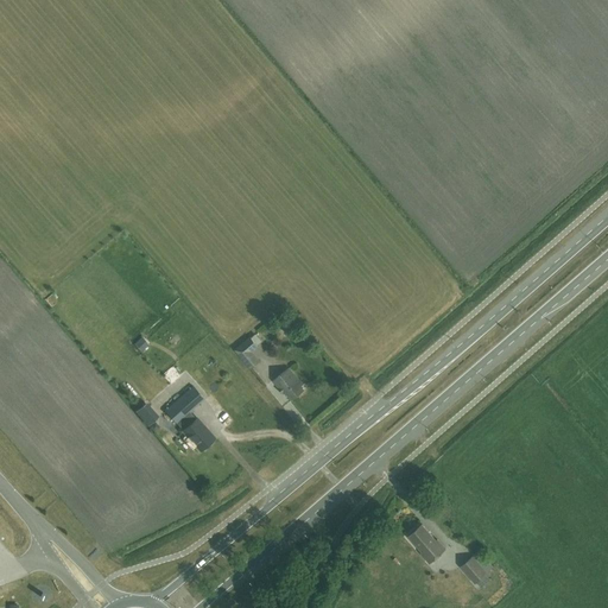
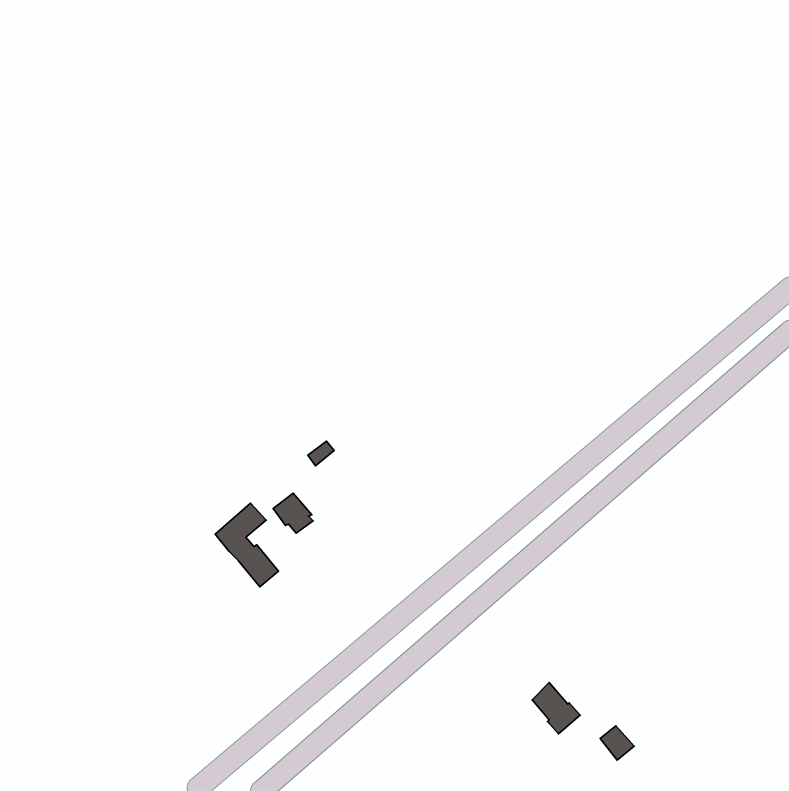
building: [274,368,305,399] -> [273,493,313,533]

